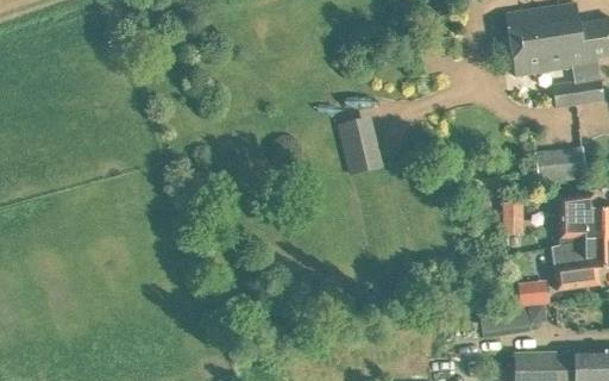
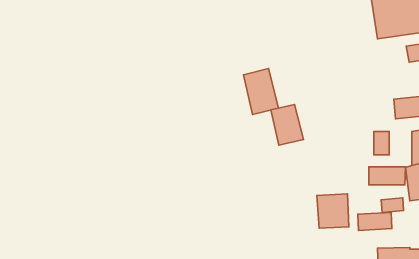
building: none -> [271,104,303,145]
building: none -> [369,167,405,185]
building: none -> [317,194,349,228]

